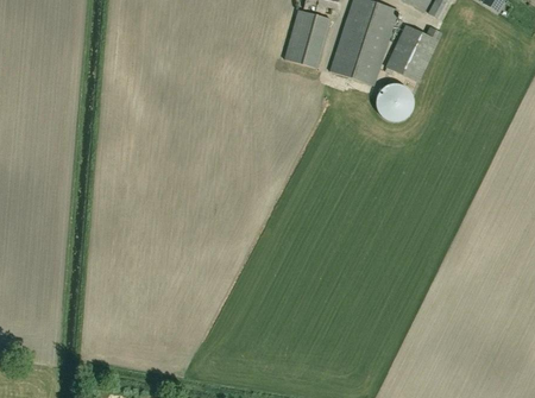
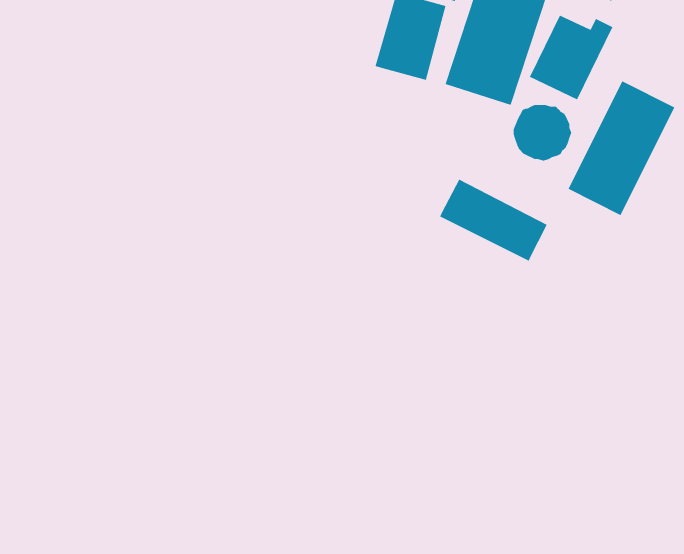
building: none -> [567,80,675,216]
building: none -> [439,179,548,262]

